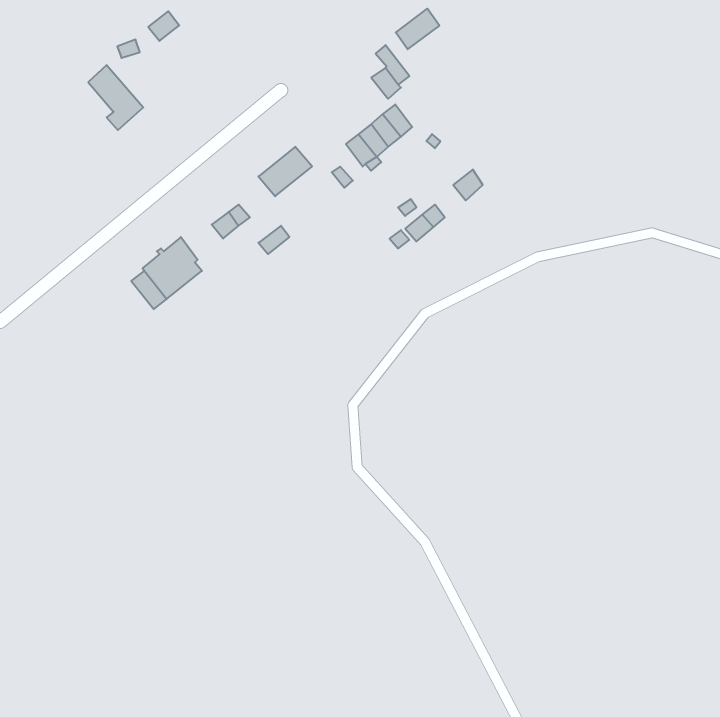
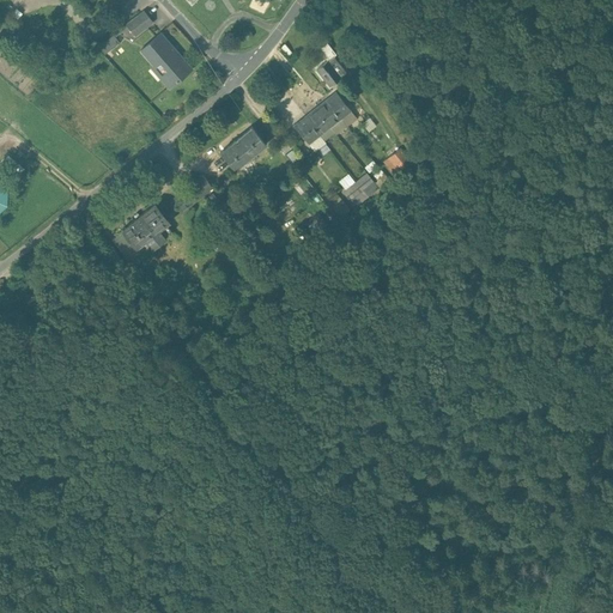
building: [396,9,439,49] -> none
building: [88,65,143,130] -> [145,35,192,90]

